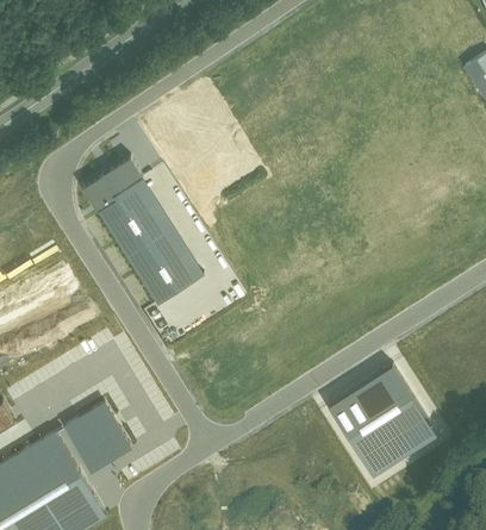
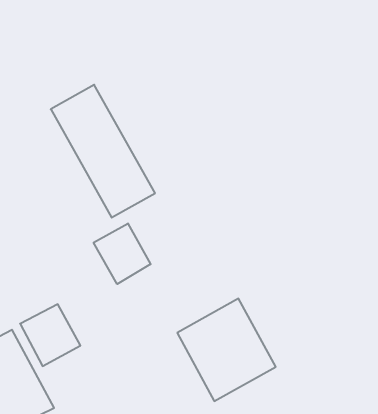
building: none -> [94,223,151,284]
building: [331,364,442,479] -> [177,299,276,401]

